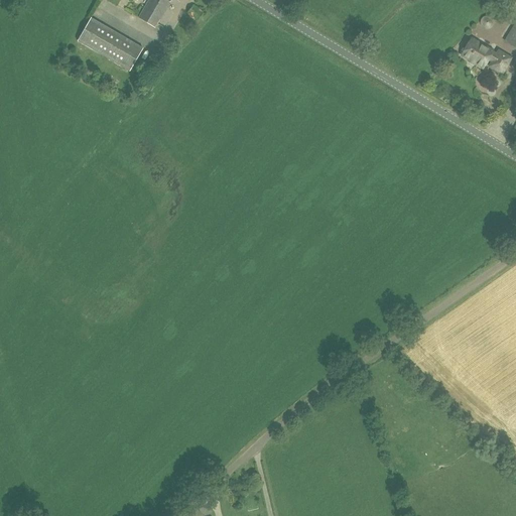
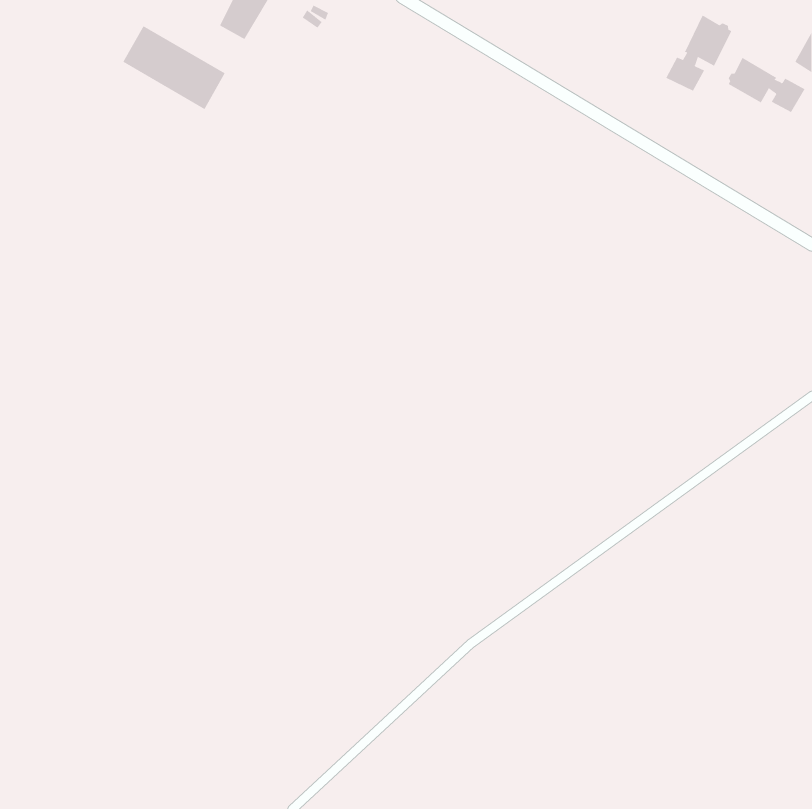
building: none -> [665,15,732,92]

